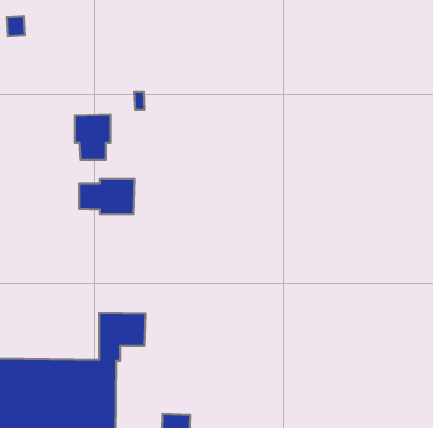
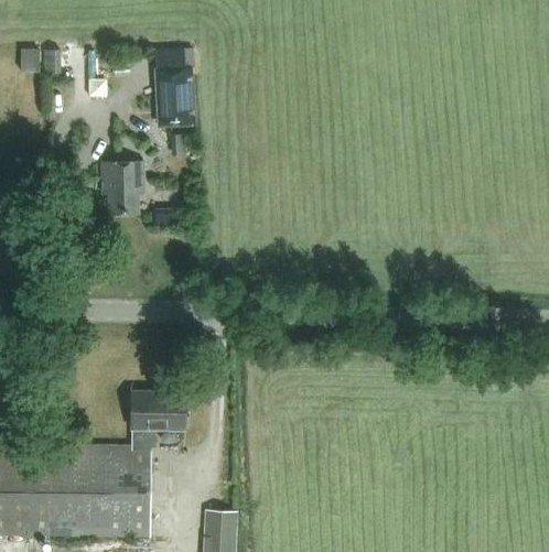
building: none -> [154,48,195,128]
building: [79,179,135,214] -> none

